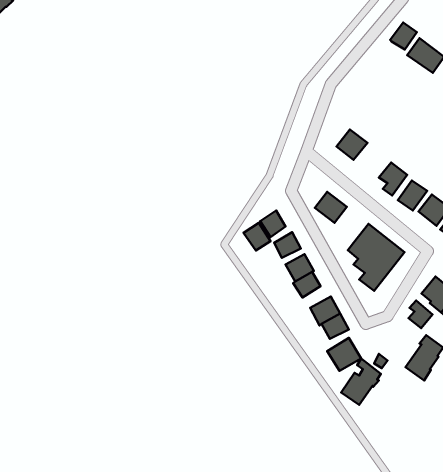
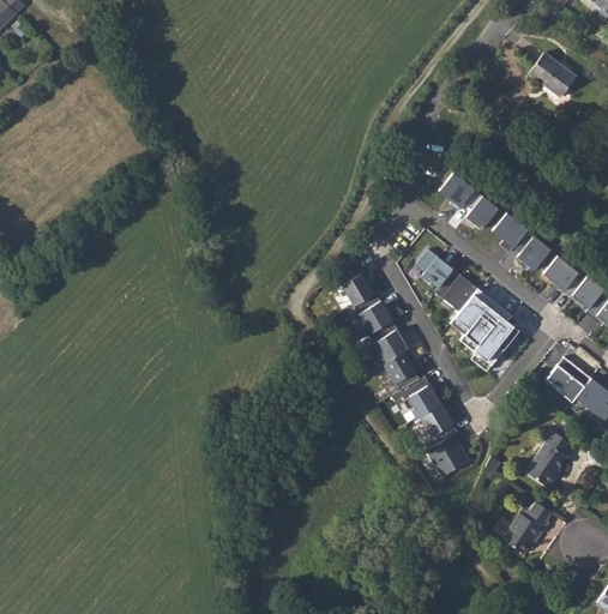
building: [390,22,417,49] -> none
building: none -> [465,197,498,230]
building: none -> [441,275,478,313]
building: [244,223,271,251] -> none
building: [408,300,432,328] -> none
building: [341,359,381,405] -> [502,495,553,554]

